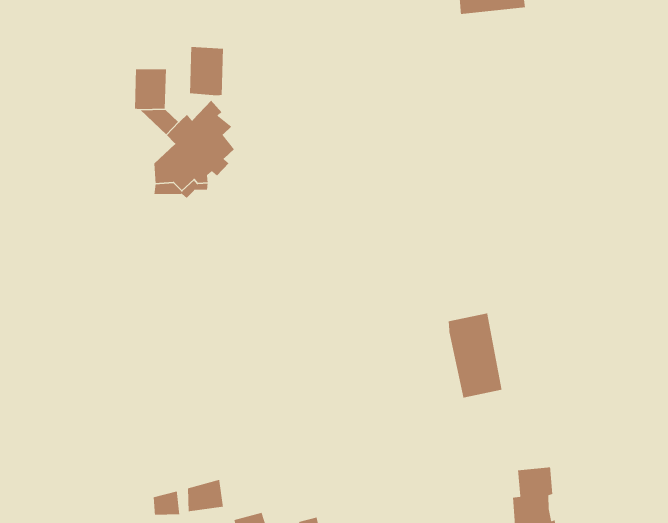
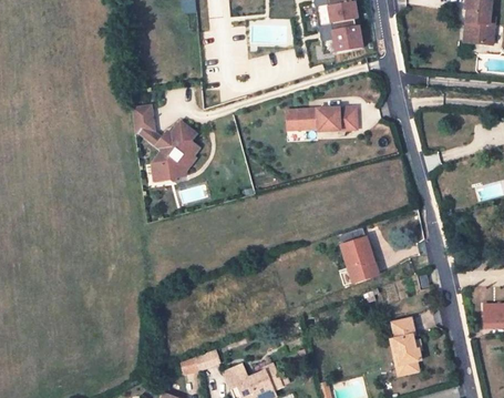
building: [189,46,224,96] -> none
building: none -> [285,108,356,132]

